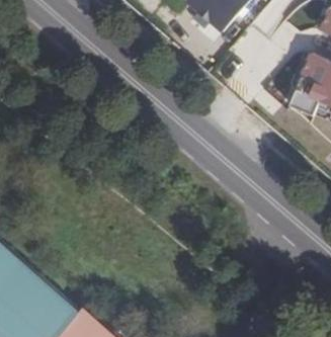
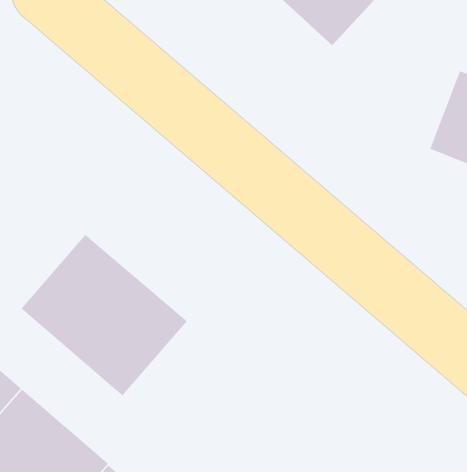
building: none -> [21,234,188,397]

